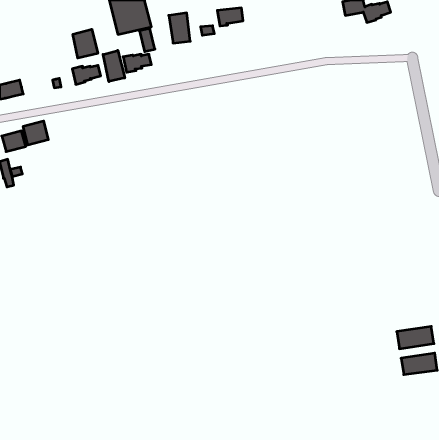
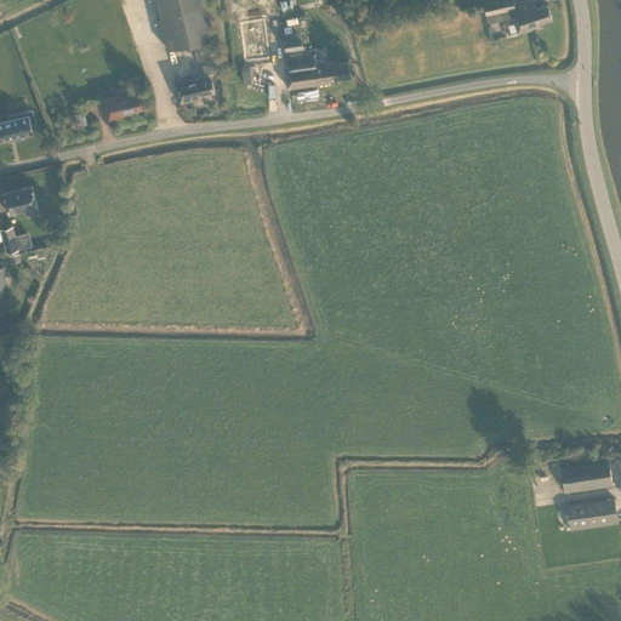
building: [217,8,243,26] -> [285,52,321,78]
building: [73,29,98,58] -> none
building: [103,50,125,82] -> none
building: [23,121,48,145] -> none

